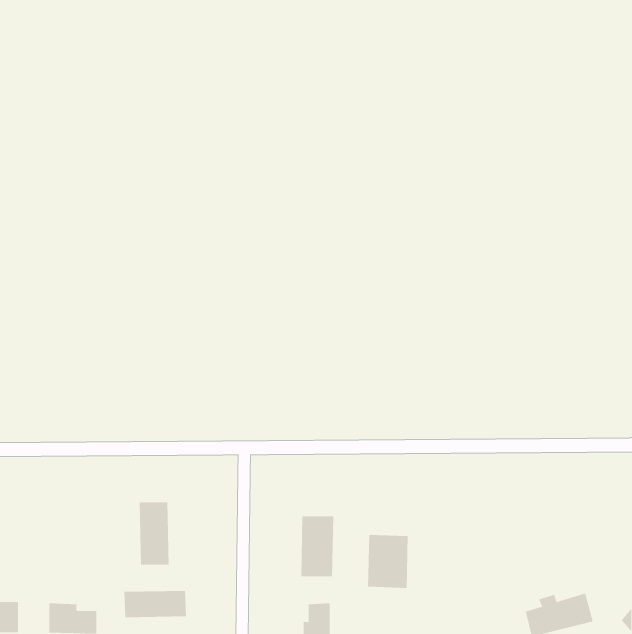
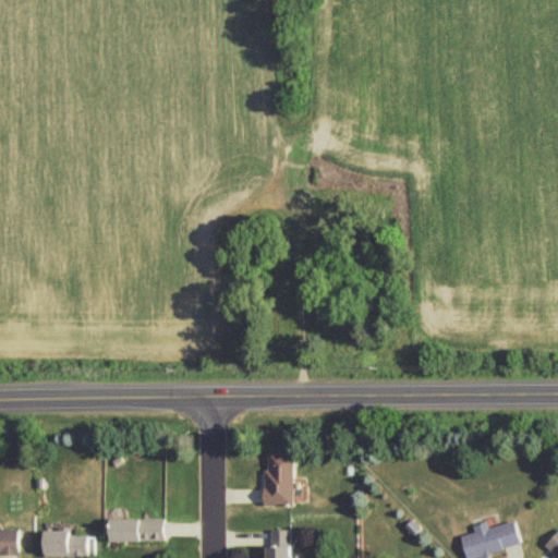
building: [139,502,169,565] -> none
building: [368,534,408,589] -> none

